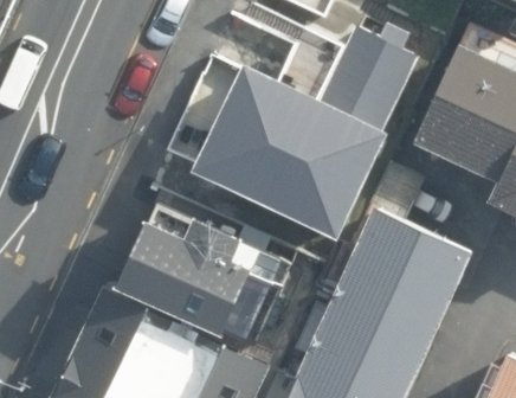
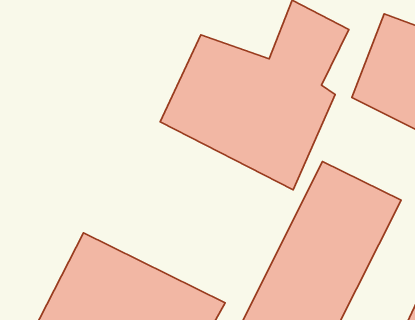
building: [120,204,297,342] -> none

